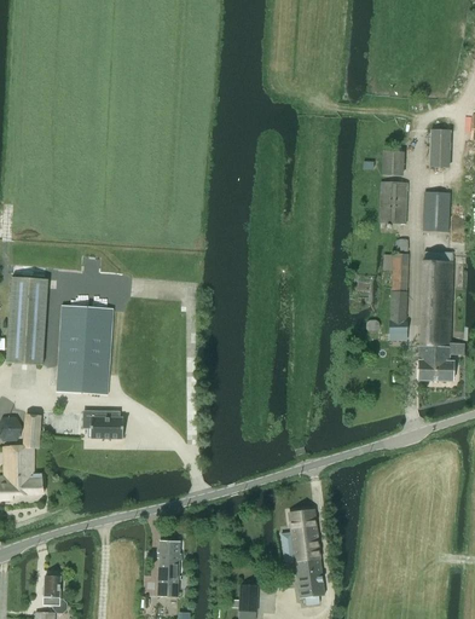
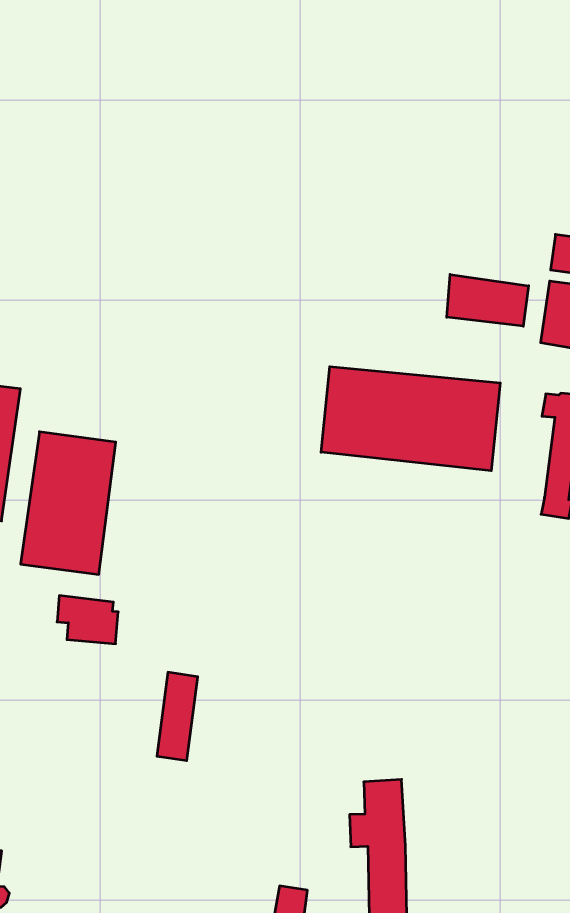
building: none -> [447,274,529,326]
building: none -> [321,367,500,471]
building: [158,540,180,596] -> [157,672,198,761]

